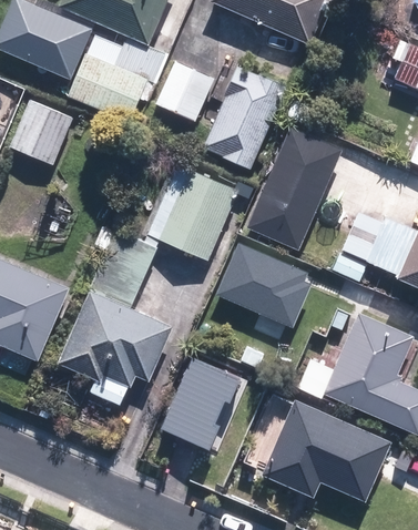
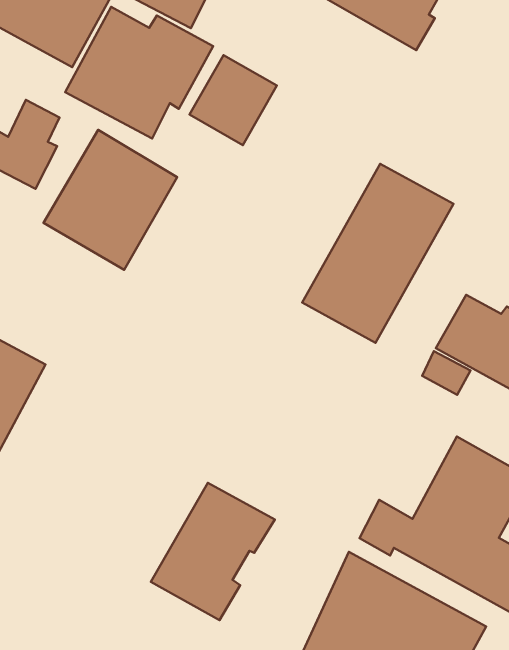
building: [202,65,288,172] -> none
building: [147,164,237,259] -> [43,130,177,270]
building: [60,232,172,406] -> none
building: [213,244,308,329] -> none

